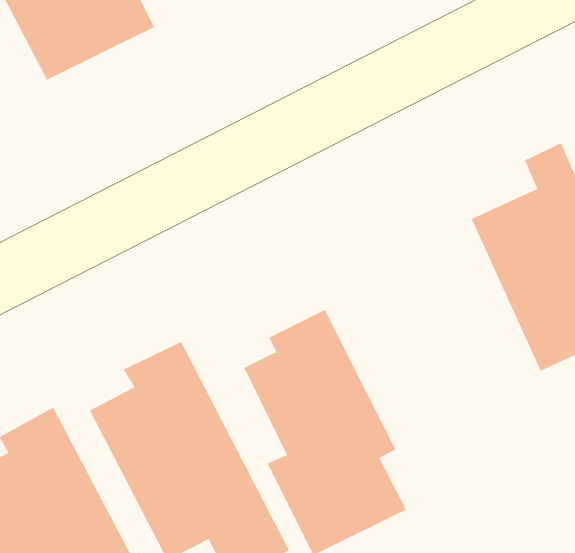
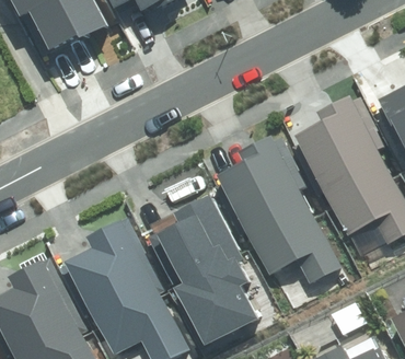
building: none -> [217,137,336,283]

